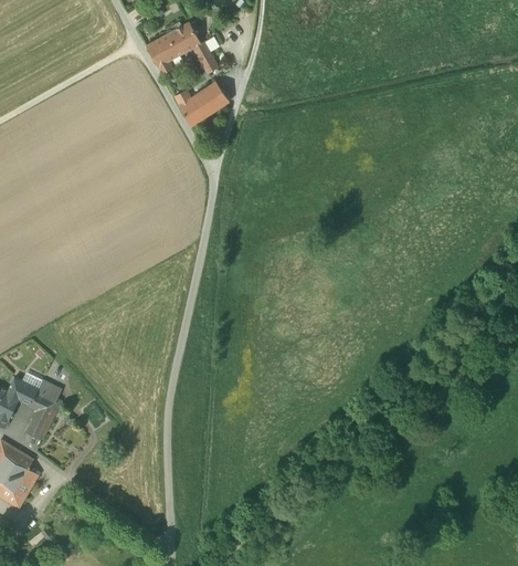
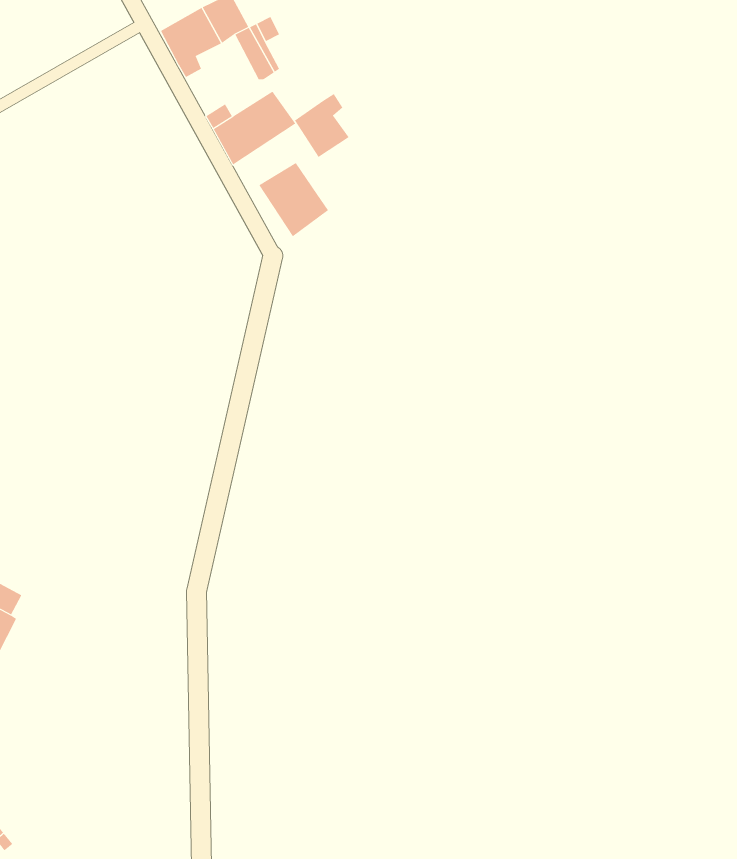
building: none -> [294,93,349,158]
building: none -> [258,162,329,237]

